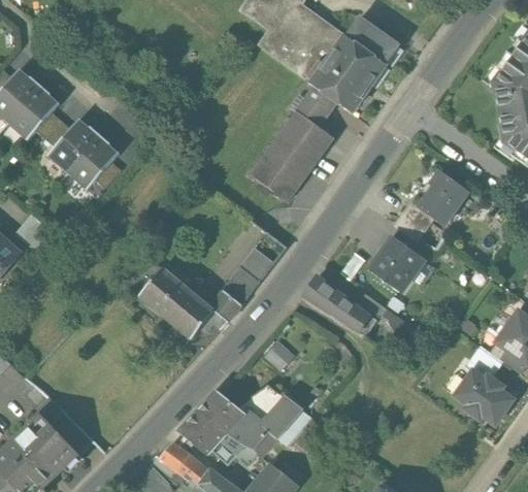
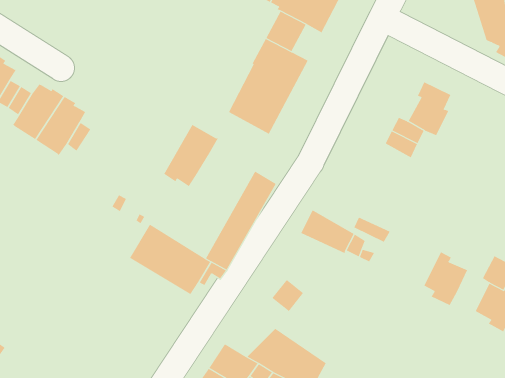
building: none -> [163,124,219,188]
building: [369,236,419,290] -> none
building: none -> [424,252,468,306]

